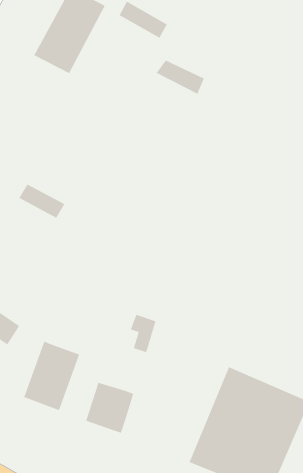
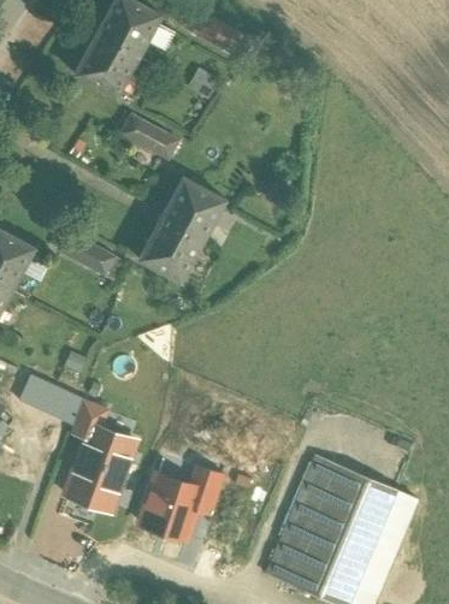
building: [156,59,205,95] -> [119,117,179,160]
building: none -> [138,178,228,279]
building: [130,314,156,353] -> [190,466,223,514]
building: none -> [69,398,105,437]

